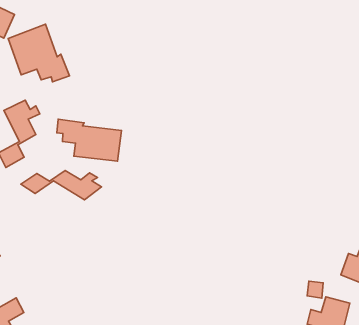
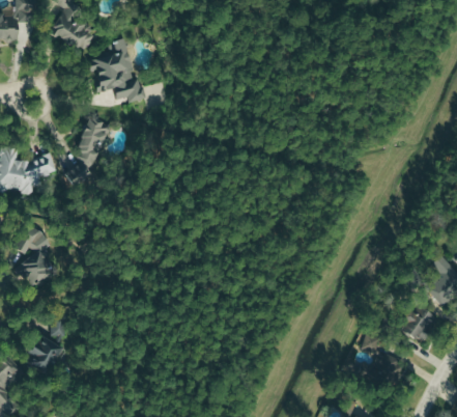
building: [57,119,121,161] -> none
building: [21,170,101,200] -> none

